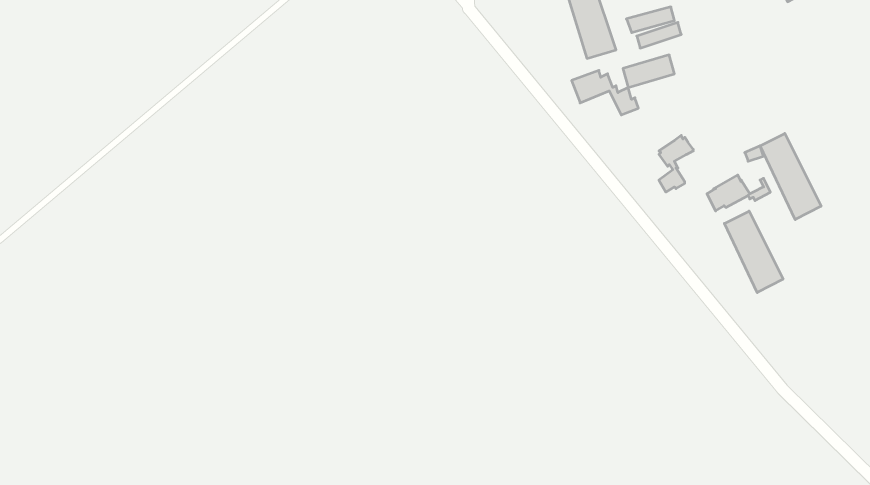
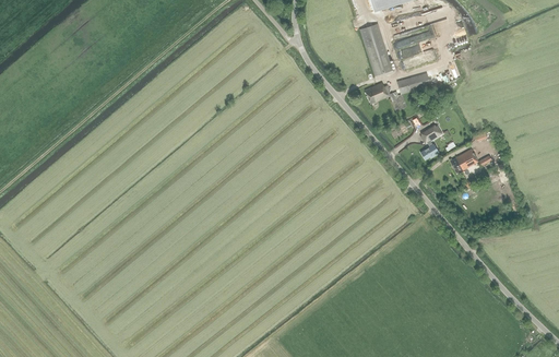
building: [760,133,821,220] -> none
building: [724,211,783,293] -> none

